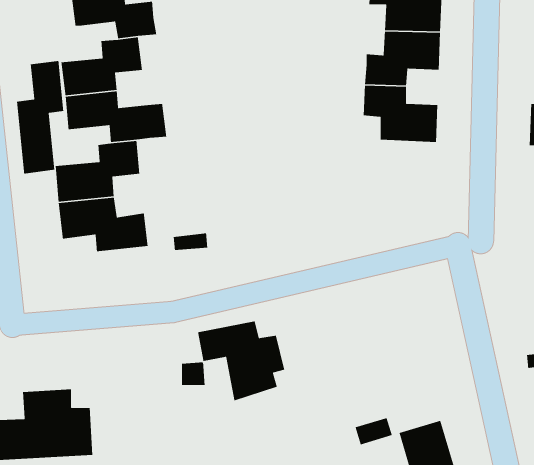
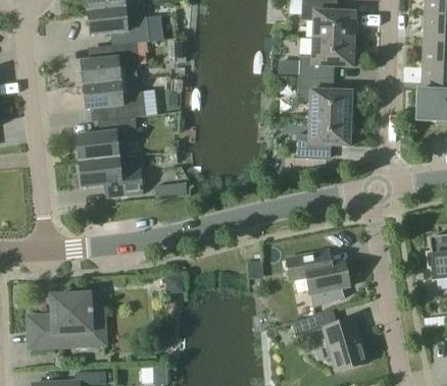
building: [16,60,64,174] -> none
building: none -> [295,116,350,159]
building: [197,321,285,401] -> [286,250,349,308]

